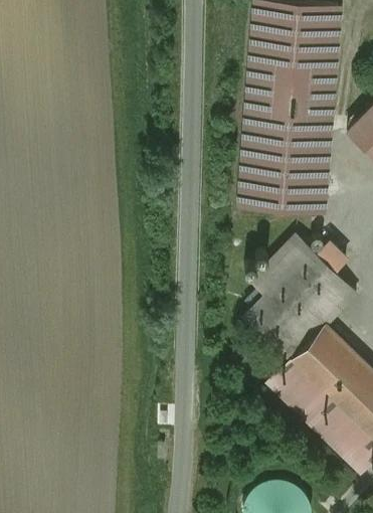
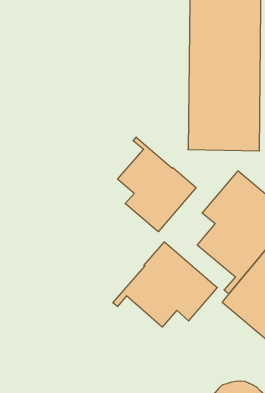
building: none -> [118,137,196,232]
building: none -> [113,242,217,327]

